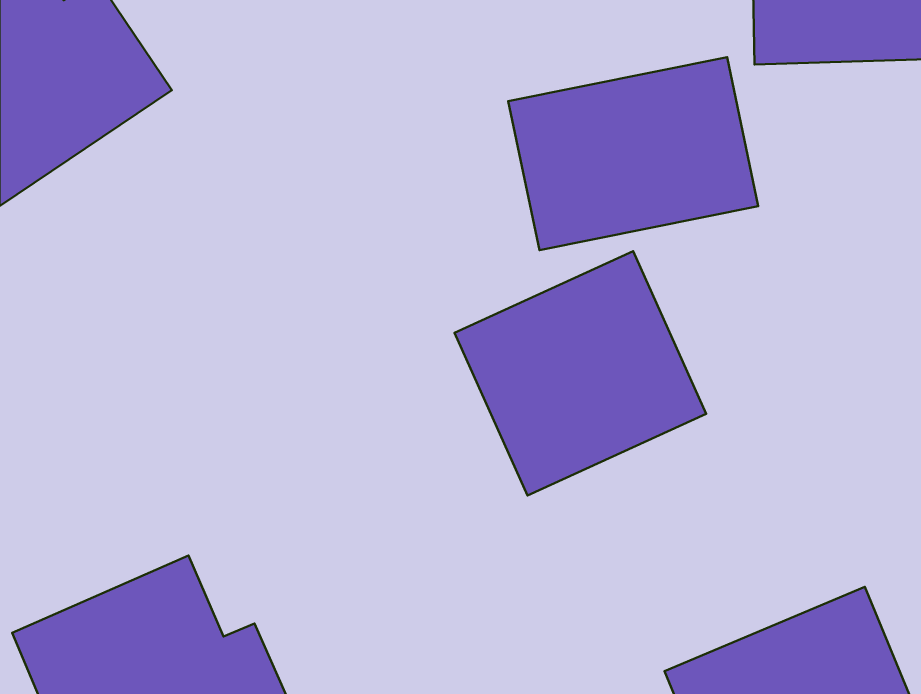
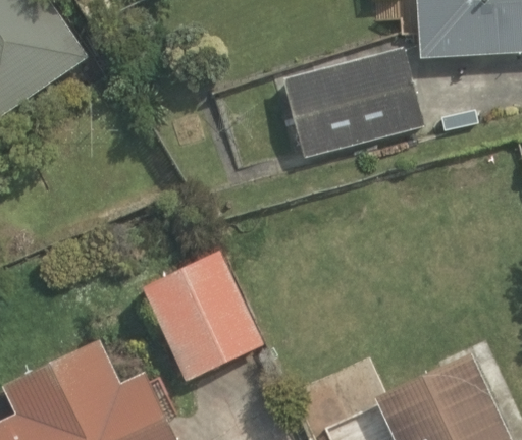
building: [454,251,706,495] -> none
building: none -> [141,246,267,381]

